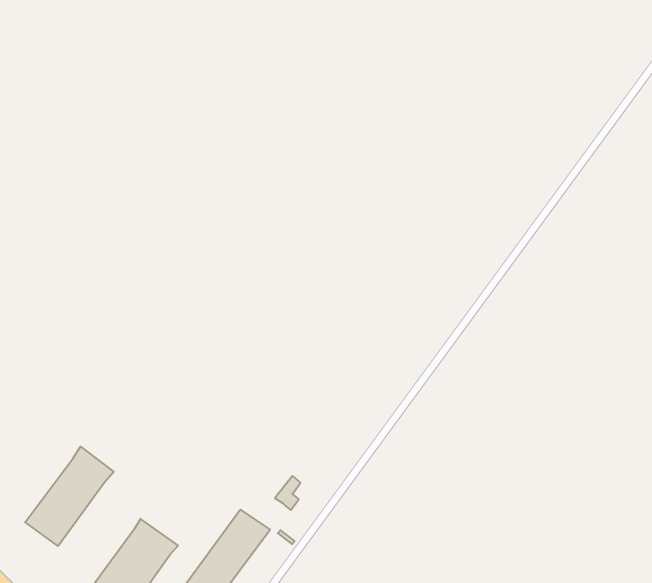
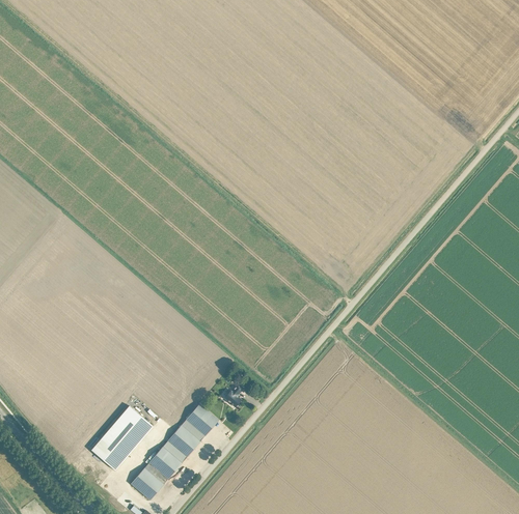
building: [25,447,114,546] -> none

